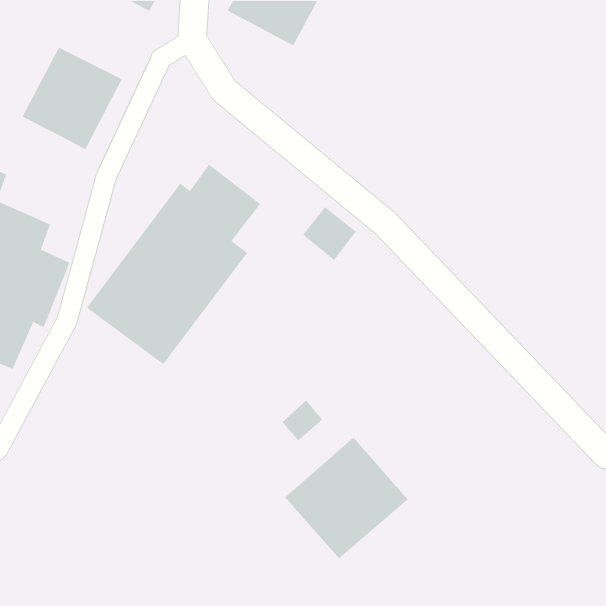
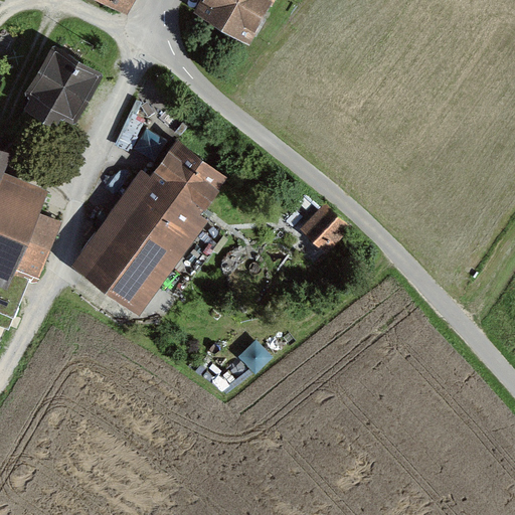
building: [302,206,357,261] -> [299,209,345,255]
building: [284,436,409,559] -> none

